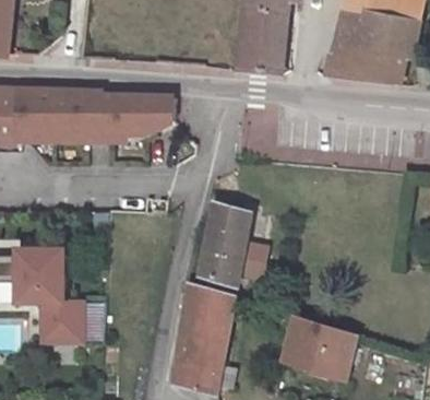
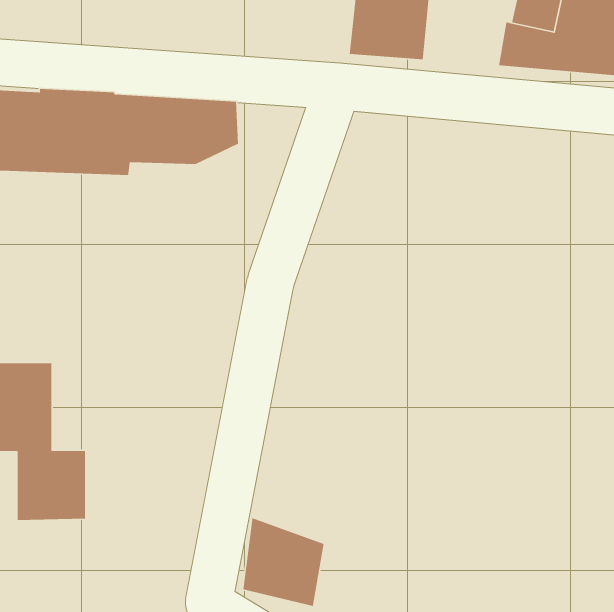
building: [202,202,252,287] -> none
building: [181,284,235,356] -> none
building: [284,318,357,380] -> none

